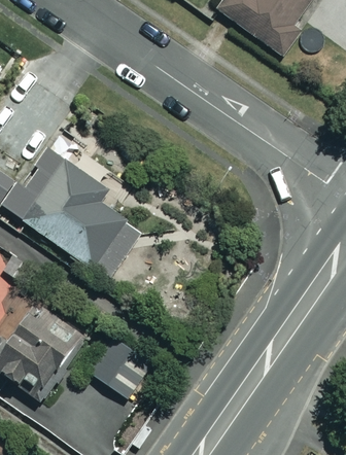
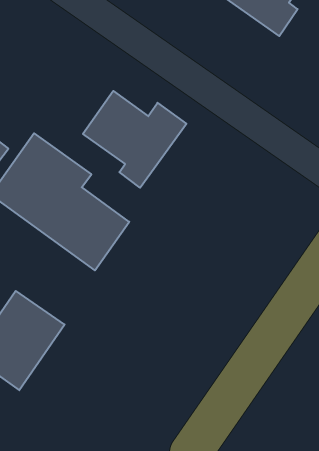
building: none -> [83,91,186,188]
building: [89,337,144,398] -> none

